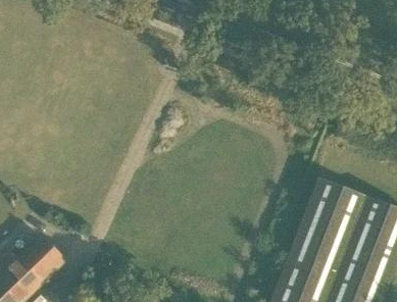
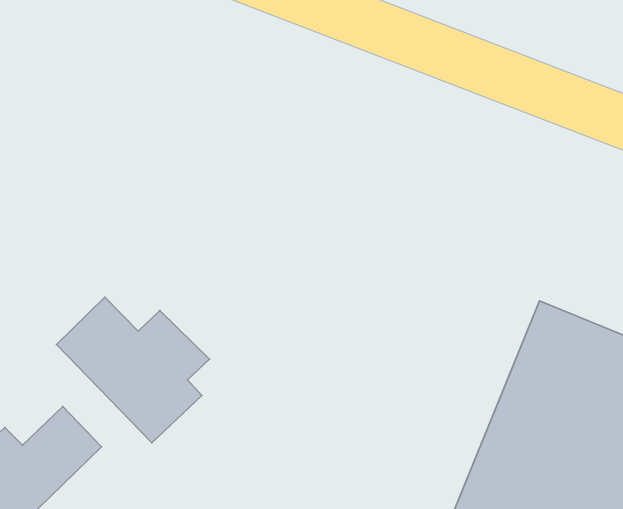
building: none -> [57,297,209,443]

